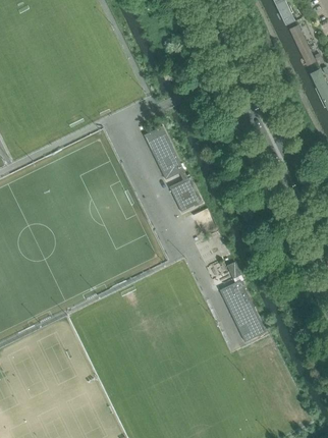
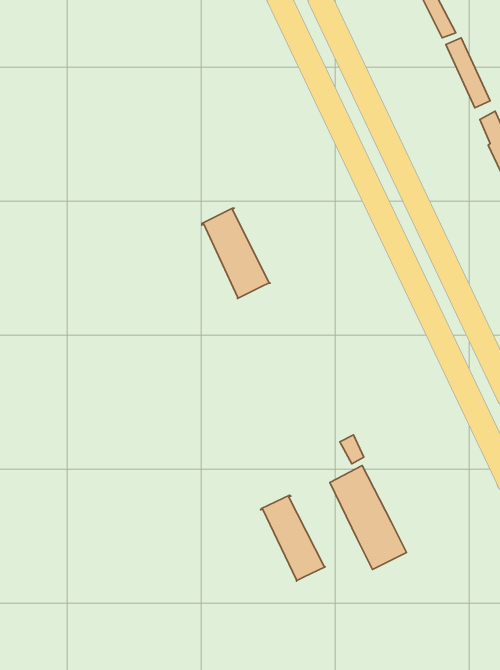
building: [169,171,203,213] -> none
building: none -> [261,495,325,581]

